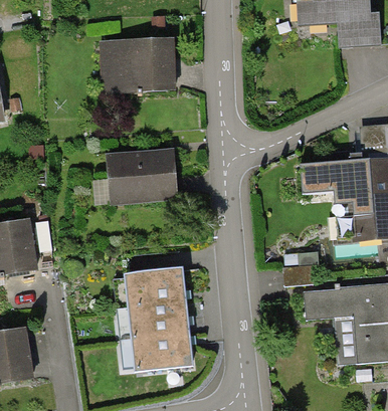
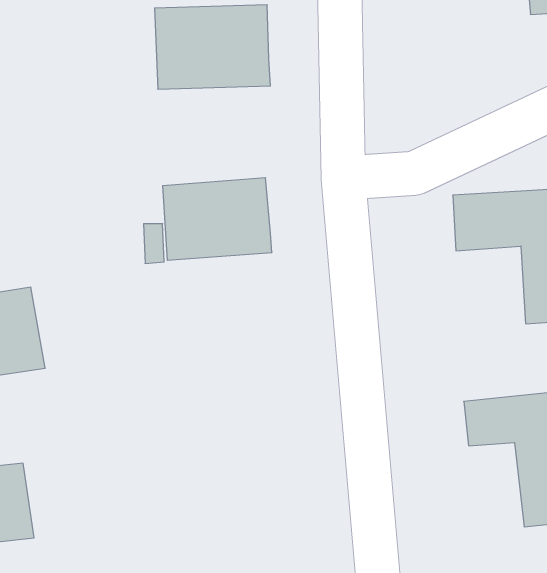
building: [126,273,195,376] -> none

